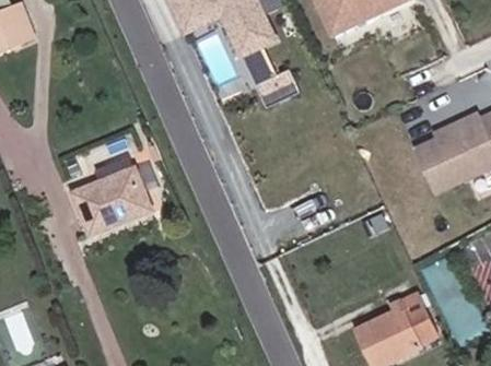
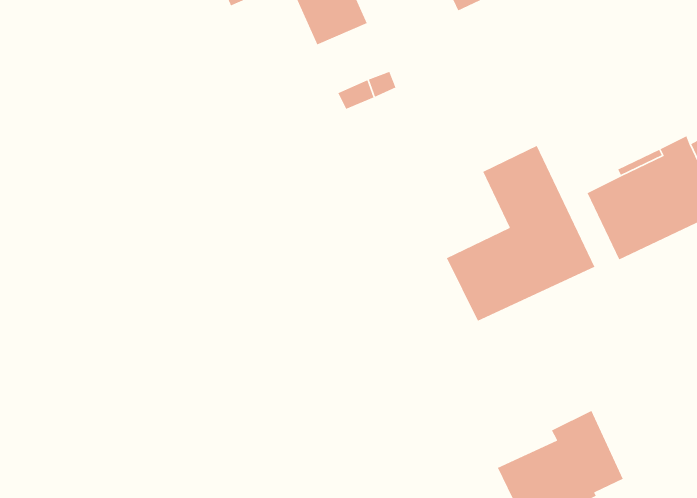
building: none -> [446,145,595,322]
building: [72,156,150,233] -> none

